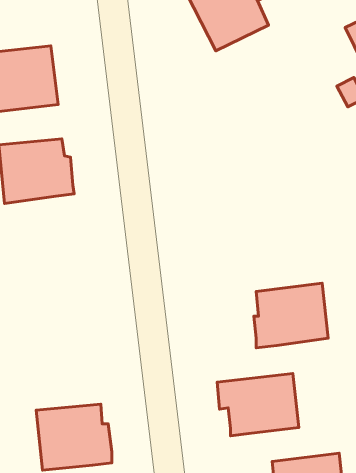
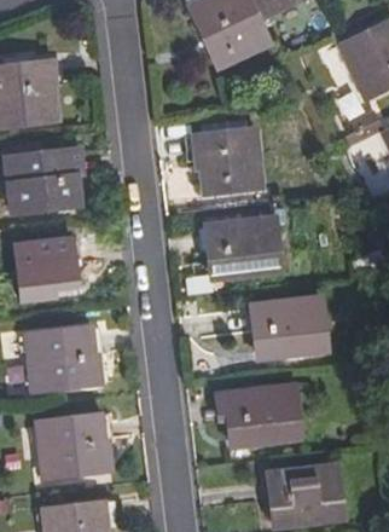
building: none -> [193,128,265,195]
building: none -> [207,215,278,277]
building: none -> [14,238,79,301]
building: none -> [28,326,103,391]

